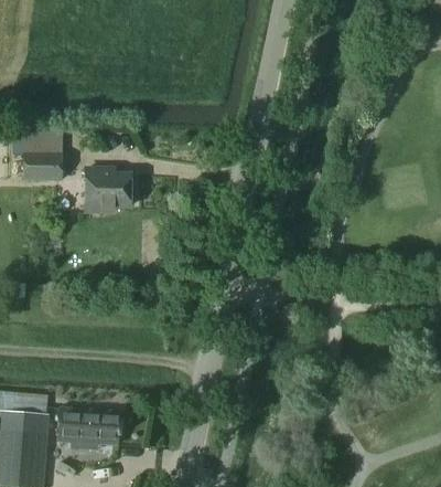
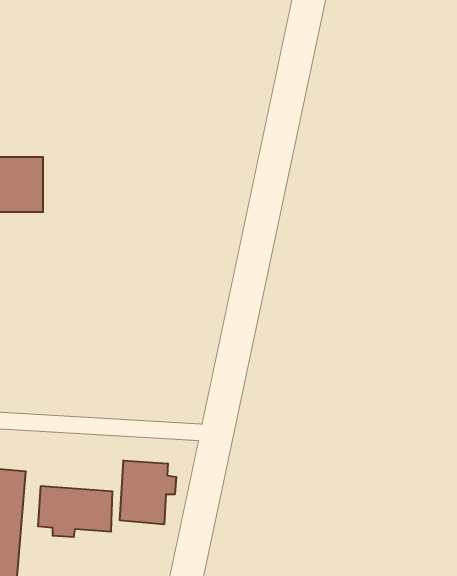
building: [85,170,137,212] -> none
building: none -> [120,460,176,524]

